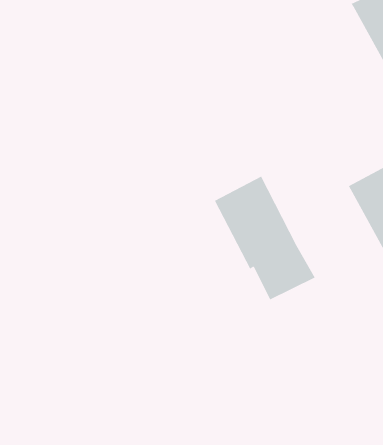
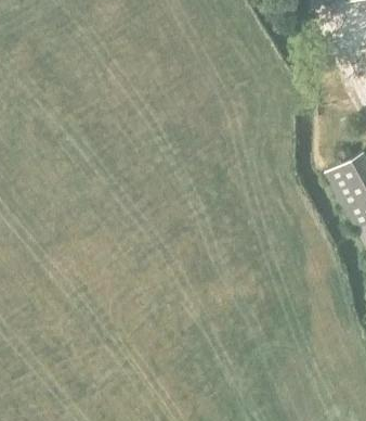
building: [214,176,316,301] -> none

